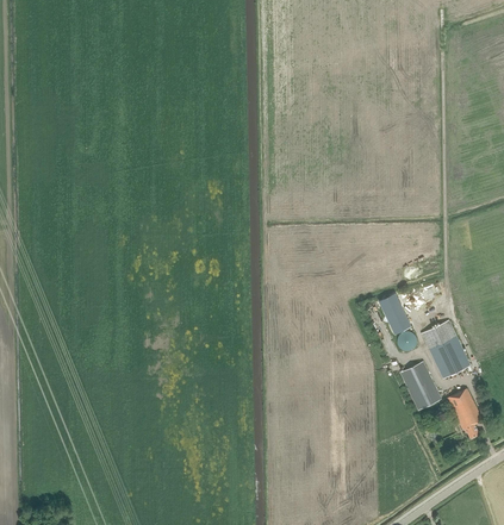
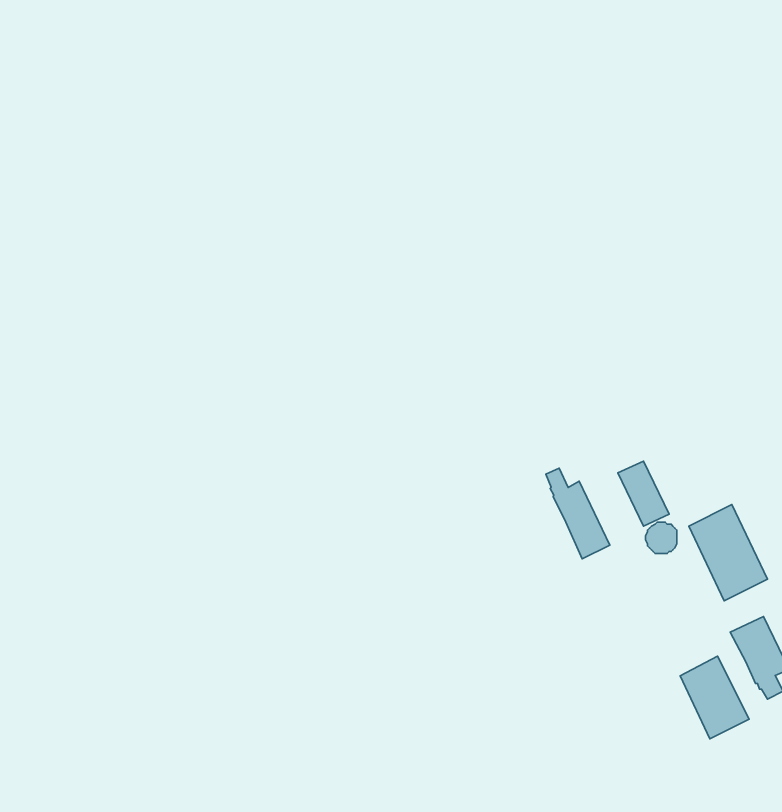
building: none -> [546,468,610,559]
building: [400,361,442,411] -> [680,656,749,739]

